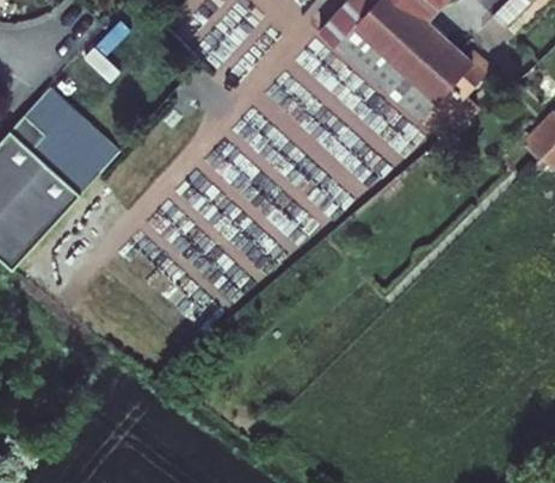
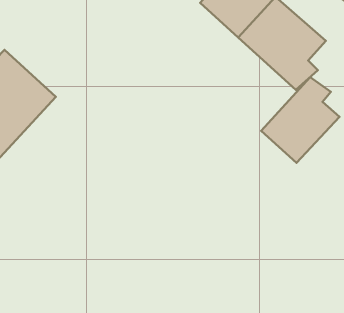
building: none -> [261,77,339,163]

